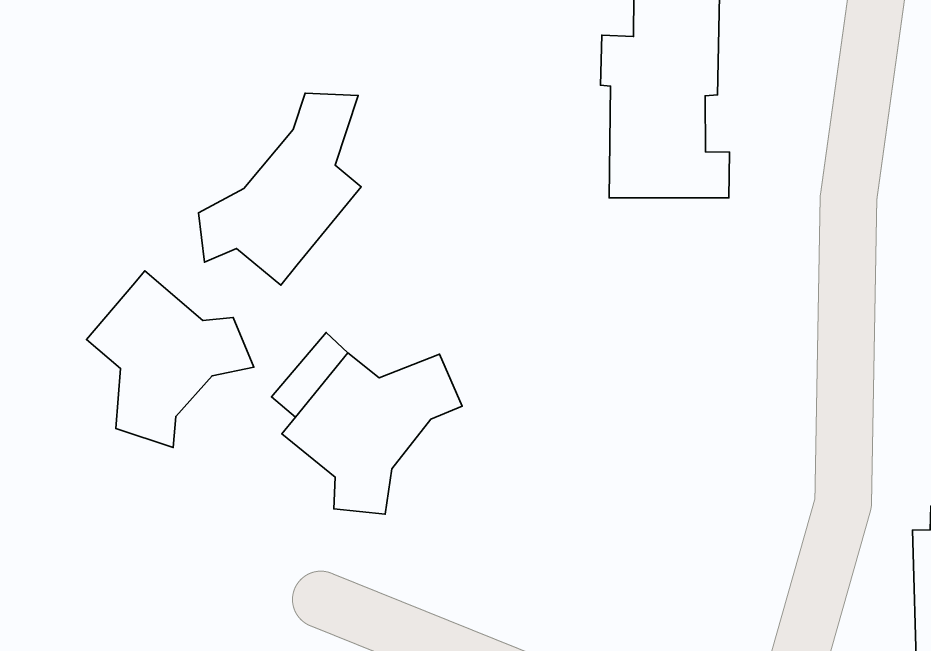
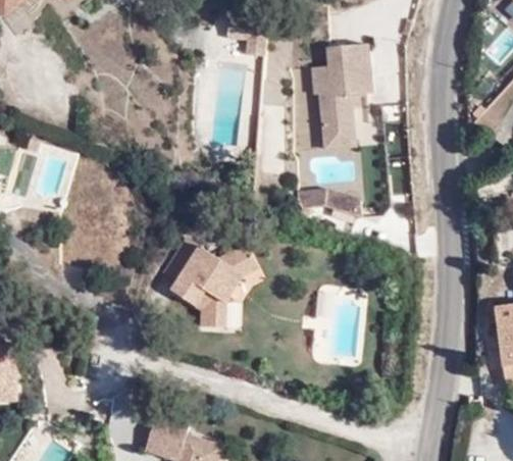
building: [198,93,361,285] -> none
building: [87,271,254,448] -> none

